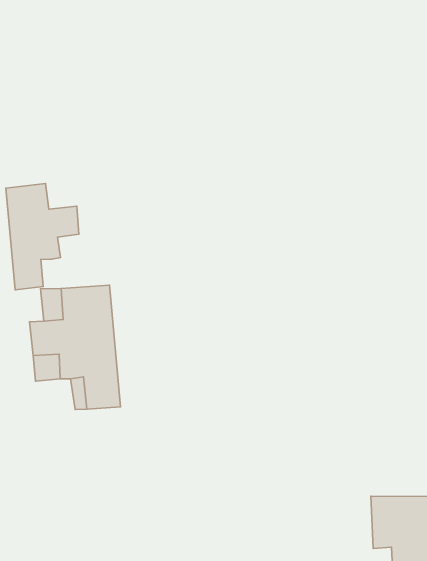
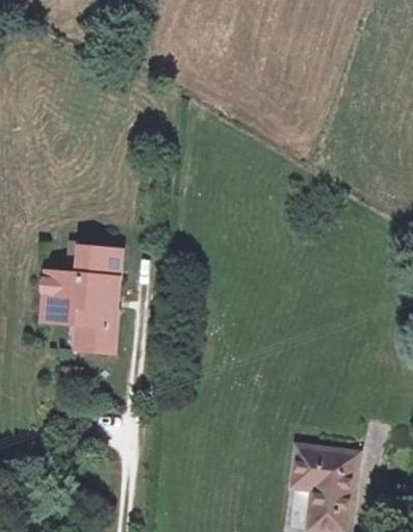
building: [6,183,79,290] -> none

